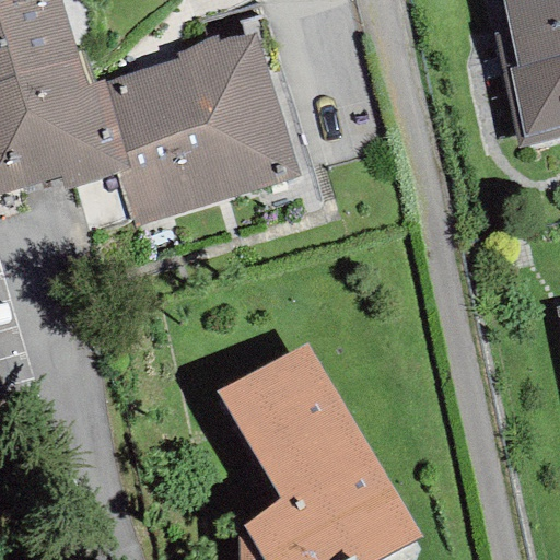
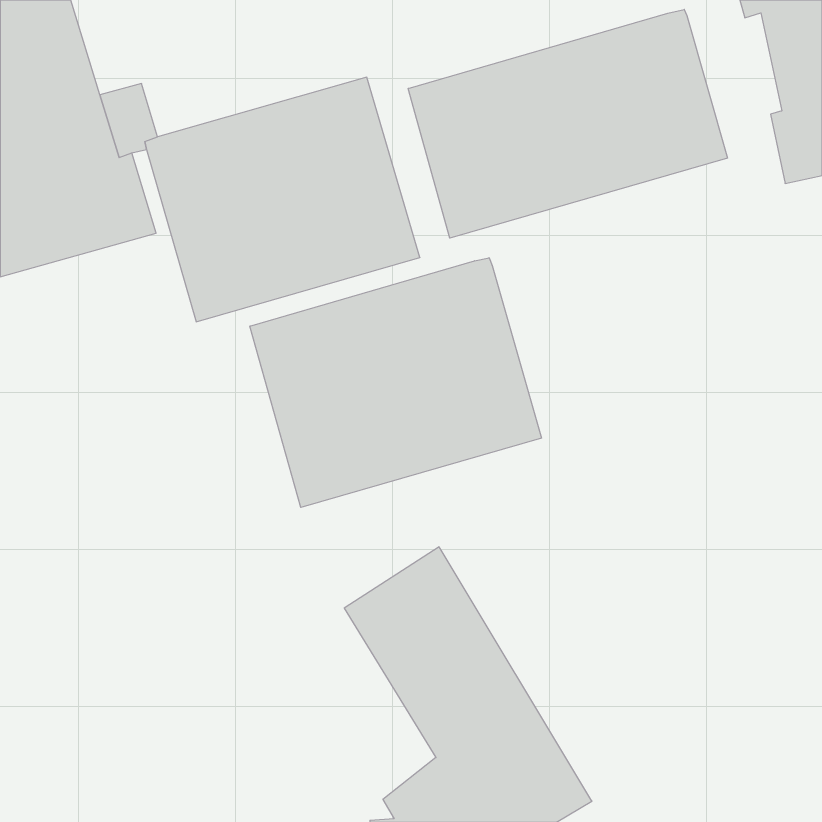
building: none -> [408,9,728,238]
building: none -> [250,258,541,507]

